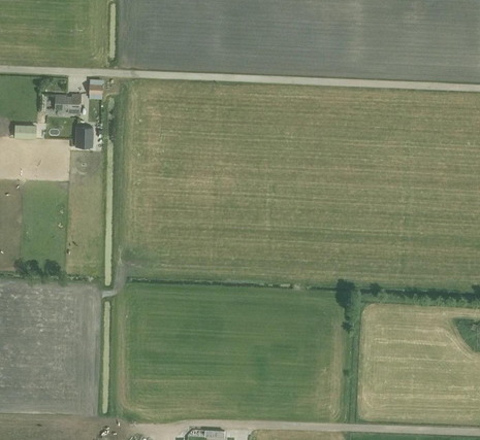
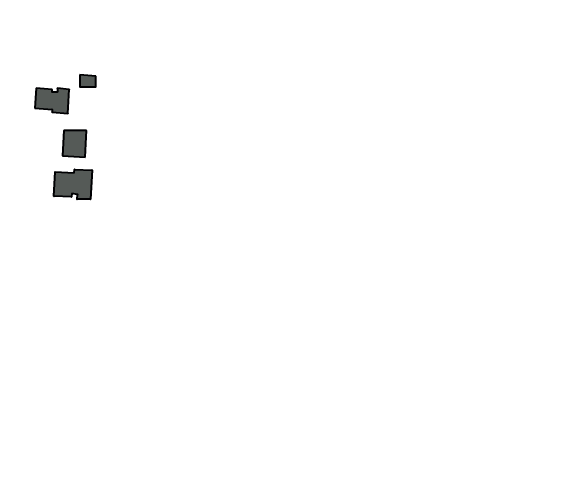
building: none -> [54,169,92,199]

